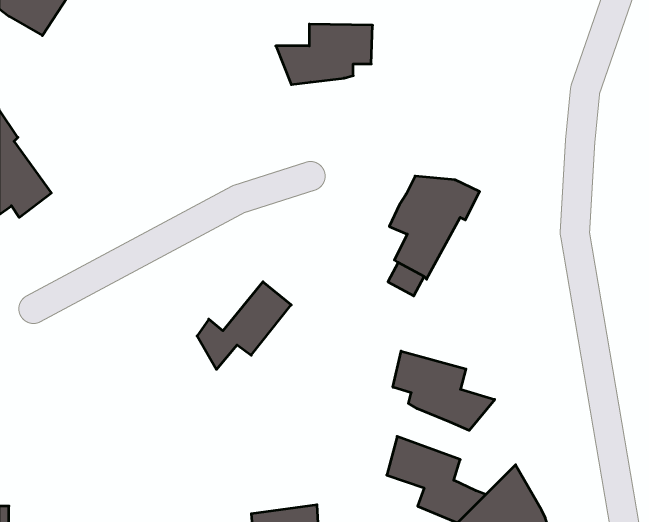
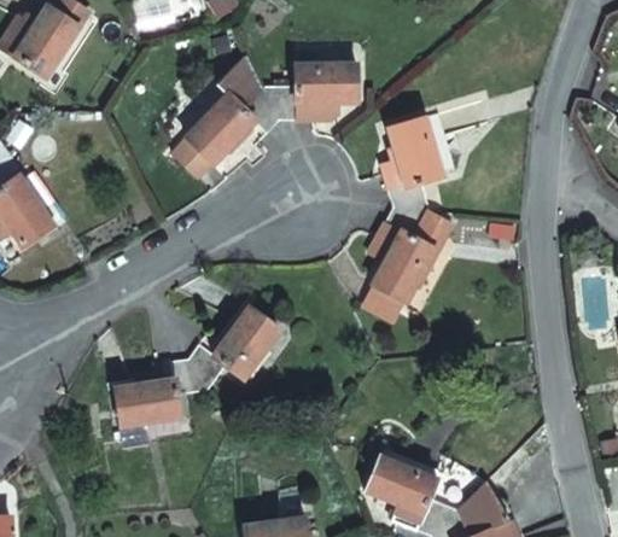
building: none -> [173,51,279,175]
building: none -> [385,117,443,211]
building: none -> [113,357,209,421]
building: [393,351,495,430] -> none

